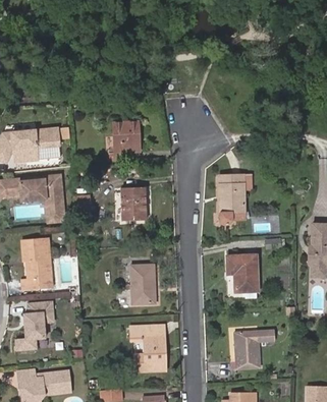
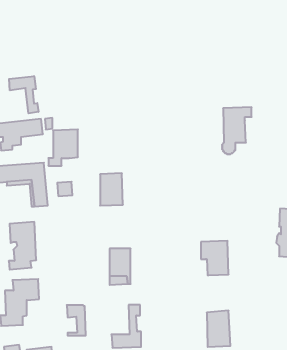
building: none -> [9,76,38,113]
building: [107,120,139,159] -> [48,129,78,166]
building: [219,177,251,227] -> [222,107,252,154]
building: [131,325,152,357] -> [67,305,86,336]

